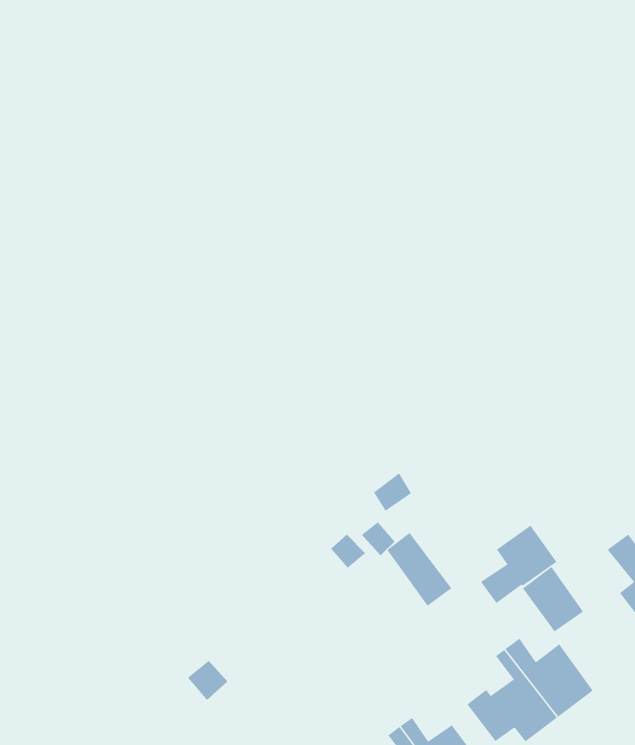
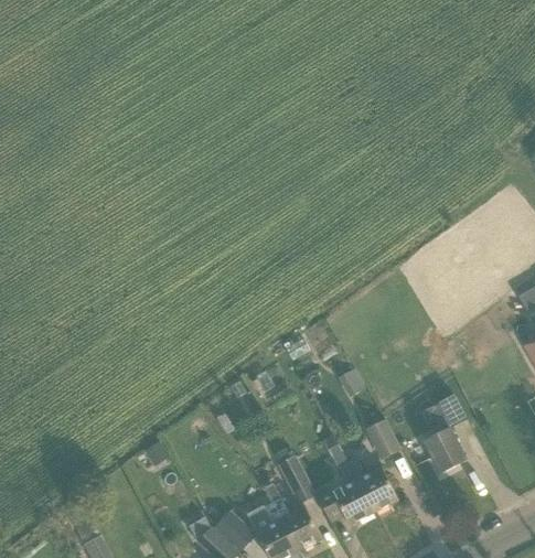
building: [480,525,557,604] -> none
building: [386,532,452,606] -> [279,455,317,504]

